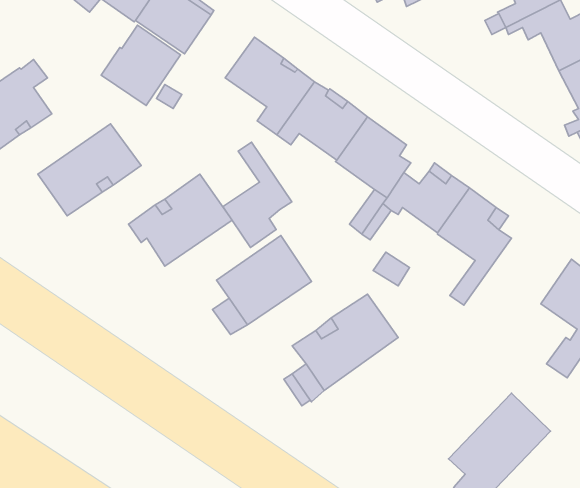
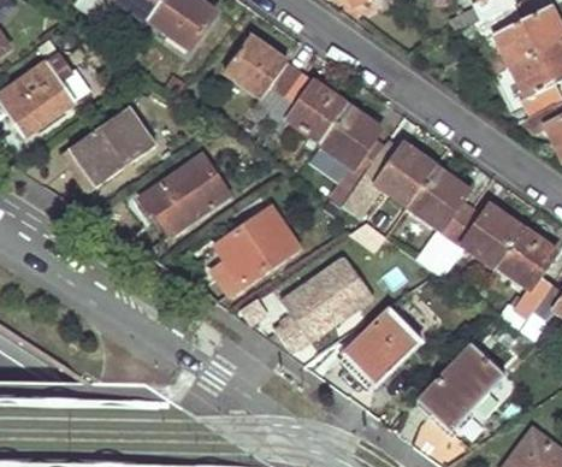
building: [101,25,180,106] -> none
building: [223,142,292,247] -> none
building: none -> [430,203,522,274]
building: none -> [343,307,421,386]

